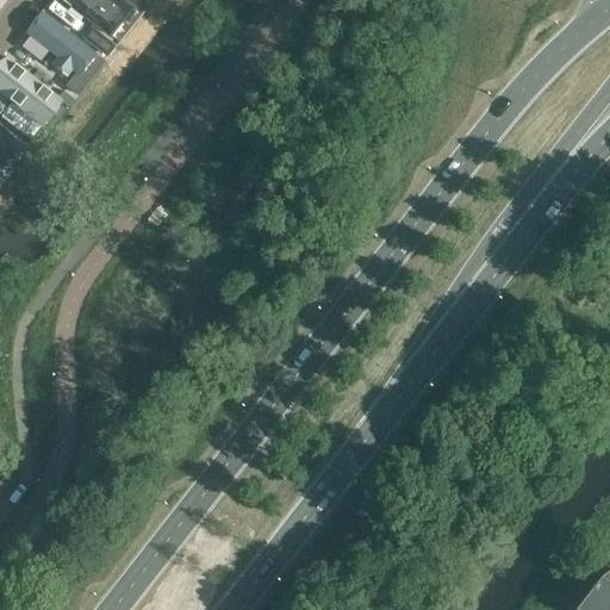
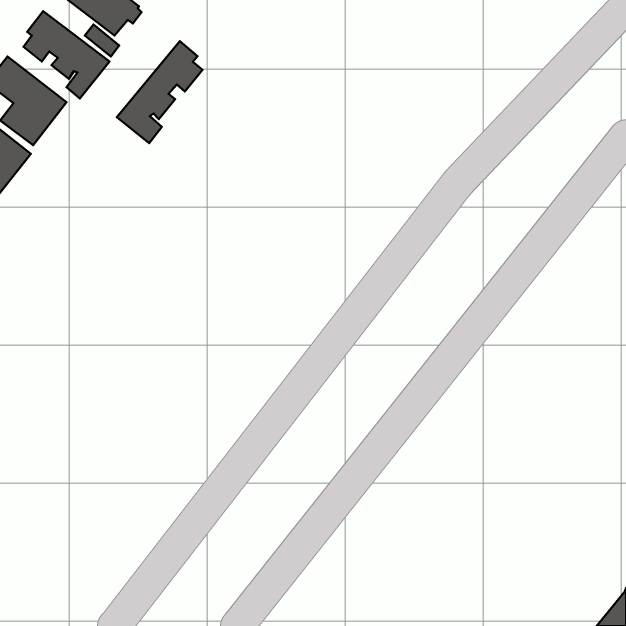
building: none -> [117,41,202,143]

